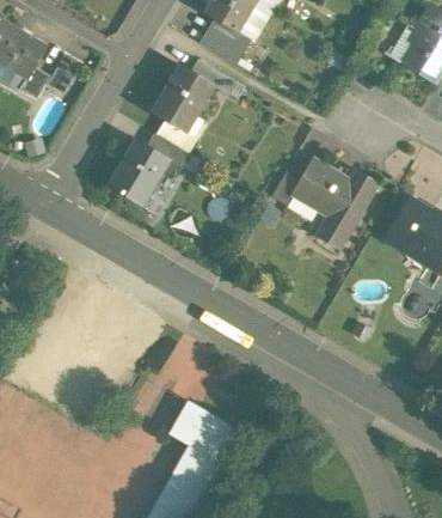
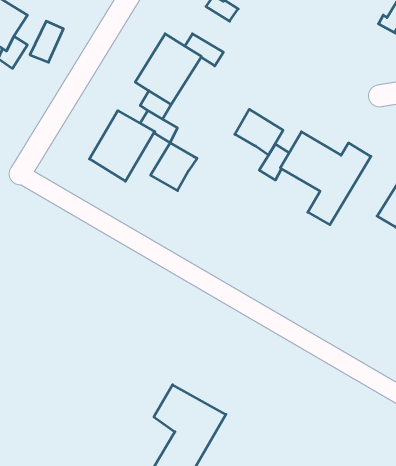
building: none -> [235,109,283,155]
building: none -> [151,143,197,191]

